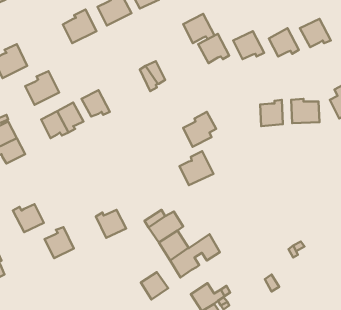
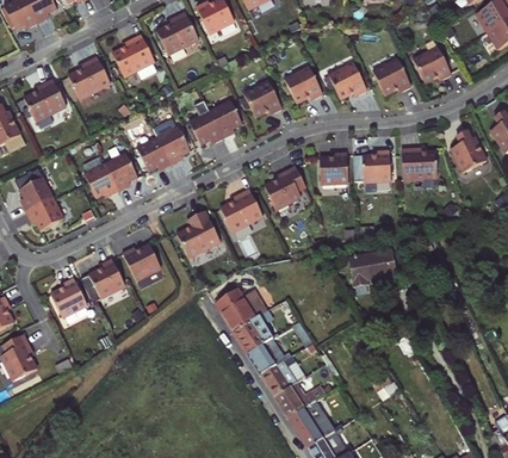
building: [183,14,214,43] -> [242,80,281,117]
building: none -> [187,111,222,144]
building: [25,71,59,105] -> [67,56,110,99]
building: none -> [156,126,188,165]
building: none -> [318,153,347,185]
building: none -> [176,211,219,256]
building: [180,151,213,185] -> [219,188,262,231]
building: none -> [347,250,397,287]
building: [96,210,126,238] -> [122,245,160,280]
building: [45,227,74,258] -> [85,260,122,299]
building: [141,272,168,300] -> [260,361,295,396]

